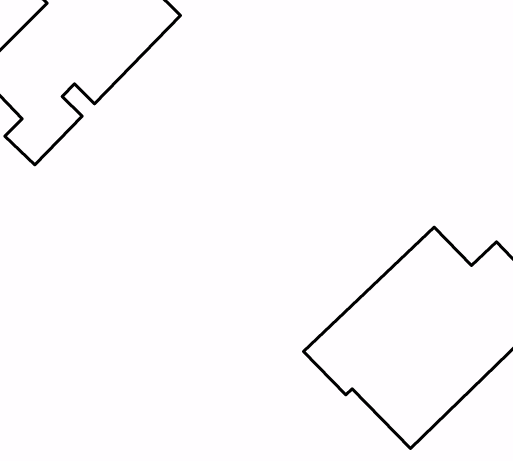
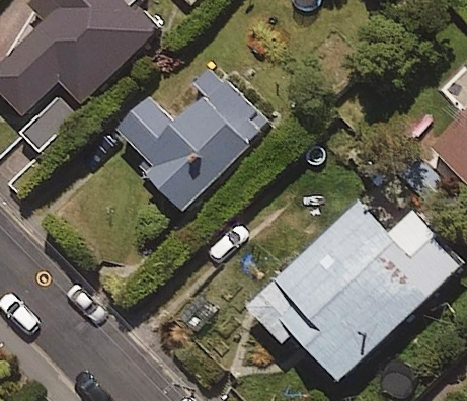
building: none -> [118,56,273,211]

